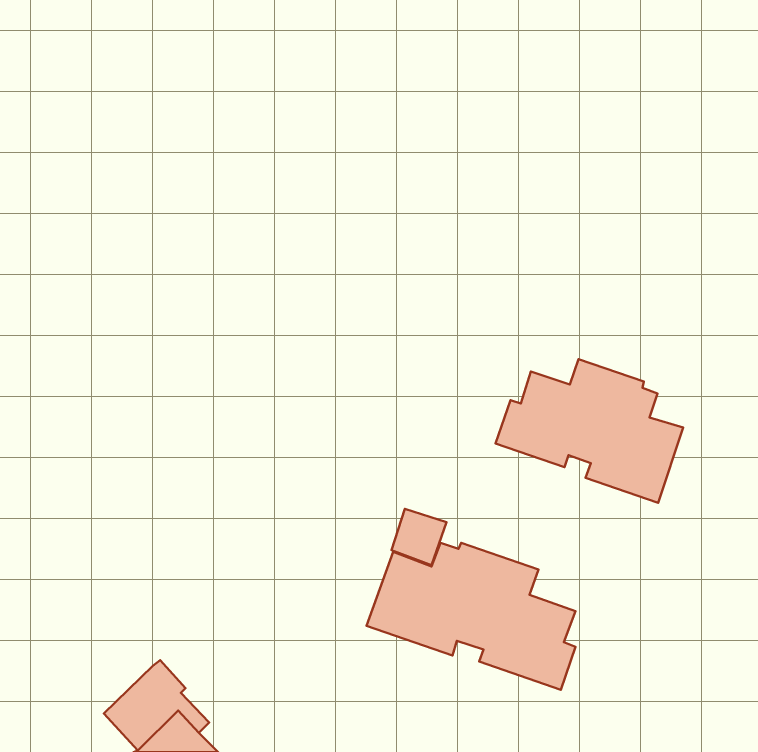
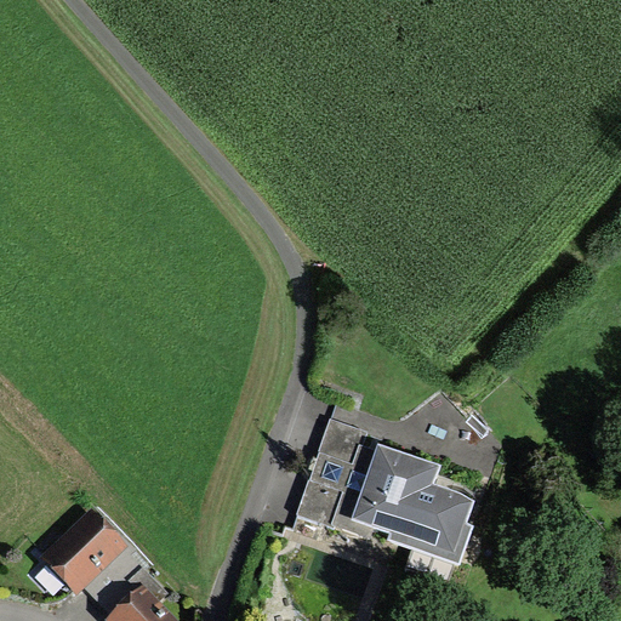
building: [496,359,683,503] -> none
building: none -> [41,509,125,592]

